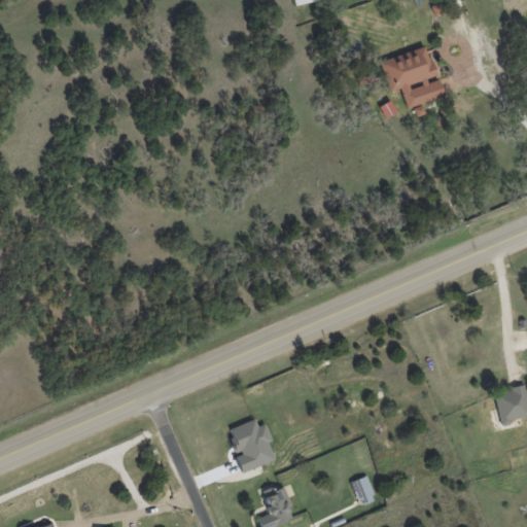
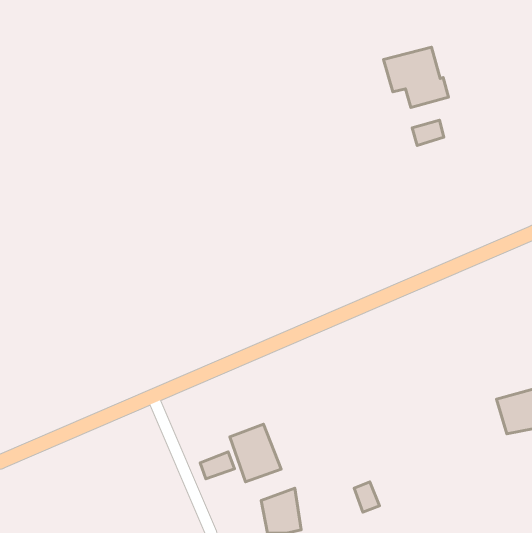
building: none -> [412,120,444,145]
building: none -> [200,452,234,479]

